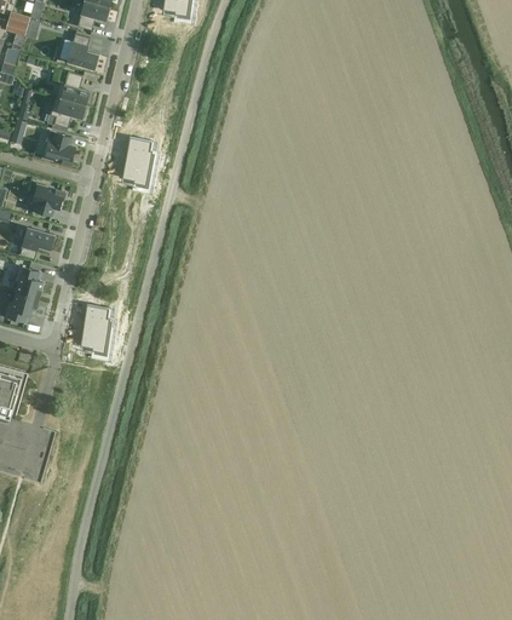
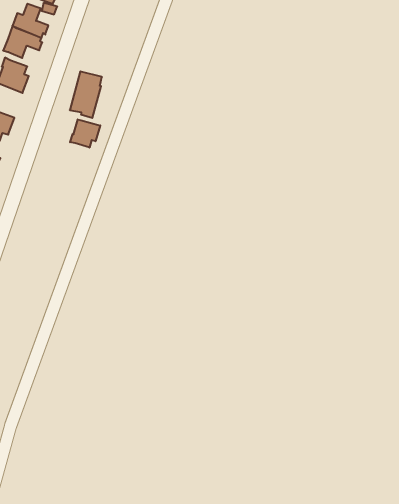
building: none -> [70,119,100,148]
building: [80,305,109,352] -> none

